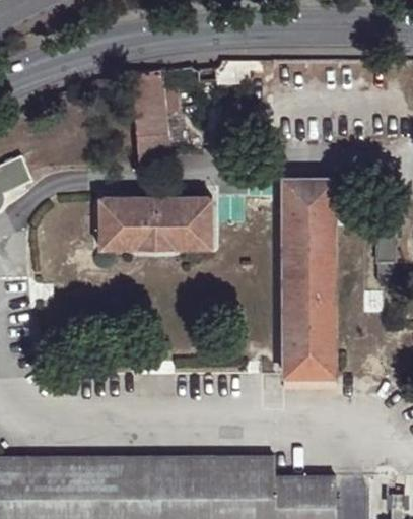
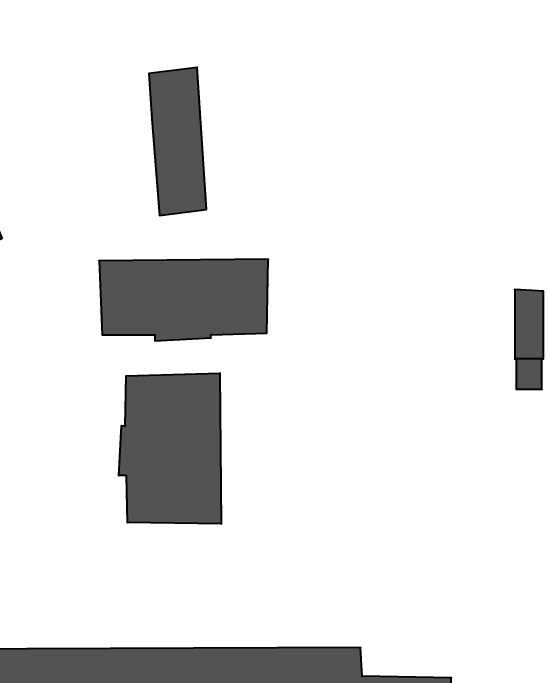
building: [283,177,334,374] -> none
building: none -> [119,373,221,524]

